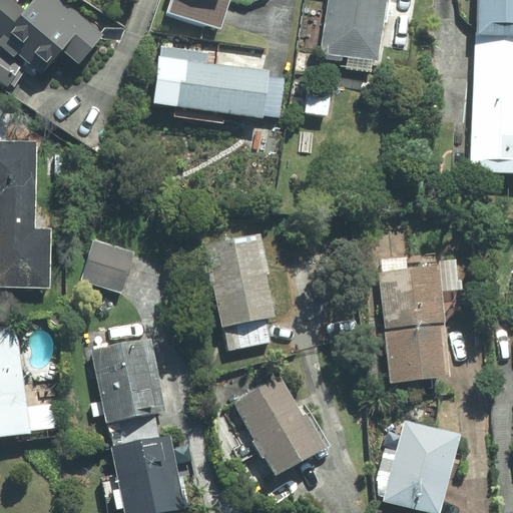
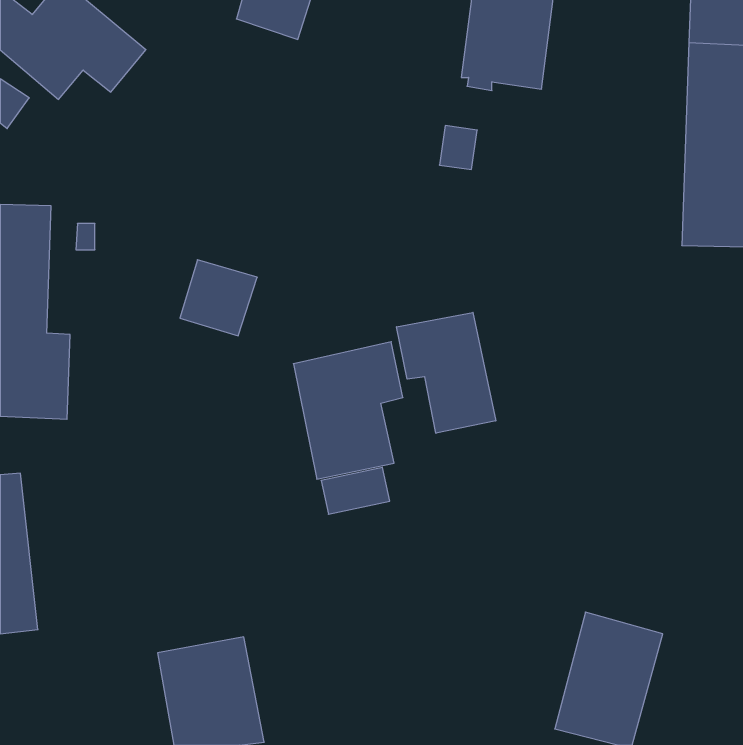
building: [173,59,265,116] -> none
building: none -> [397,312,496,433]
building: [80,238,133,291] -> [180,260,257,336]
building: [378,265,446,382] -> none
building: [90,339,163,422] -> none
building: [234,380,329,476] -> none

